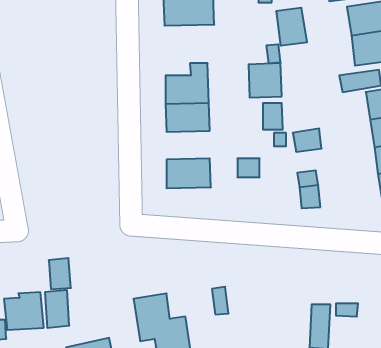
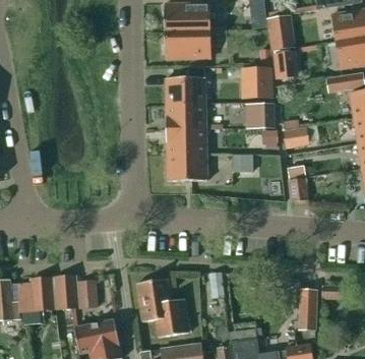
building: none -> [165,31,210,58]
building: none -> [272,51,297,78]
building: none -> [167,128,206,155]
building: [49,258,71,289] -> [76,279,97,307]

